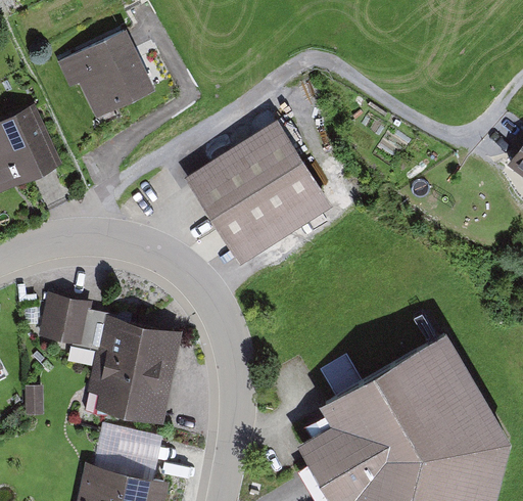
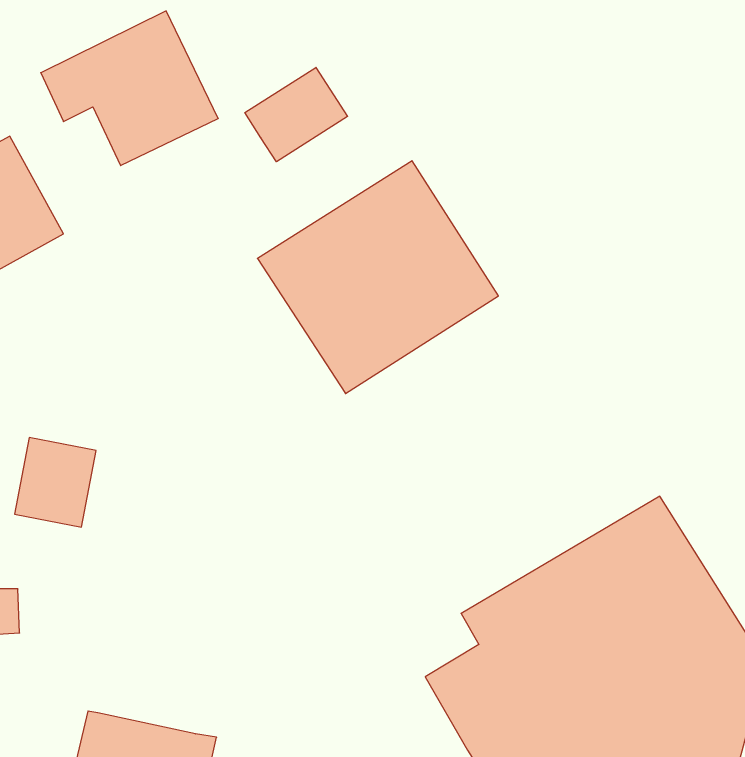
building: none -> [245,67,348,162]
building: [82,316,178,424] -> none
building: [89,425,158,480] -> none

